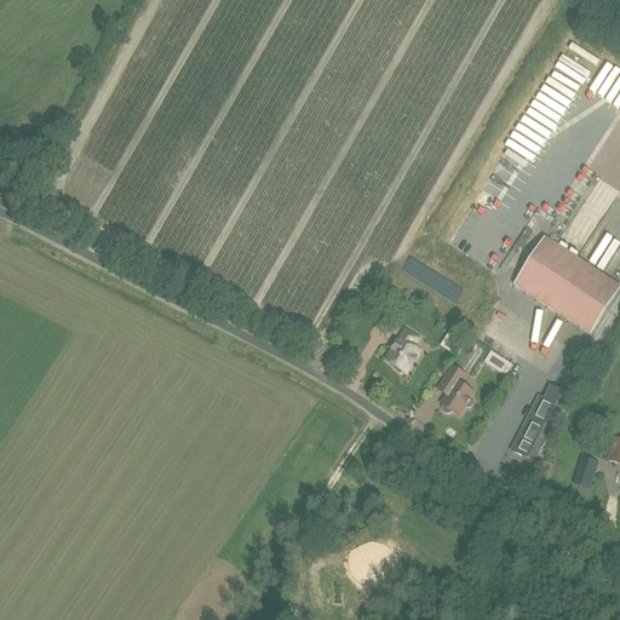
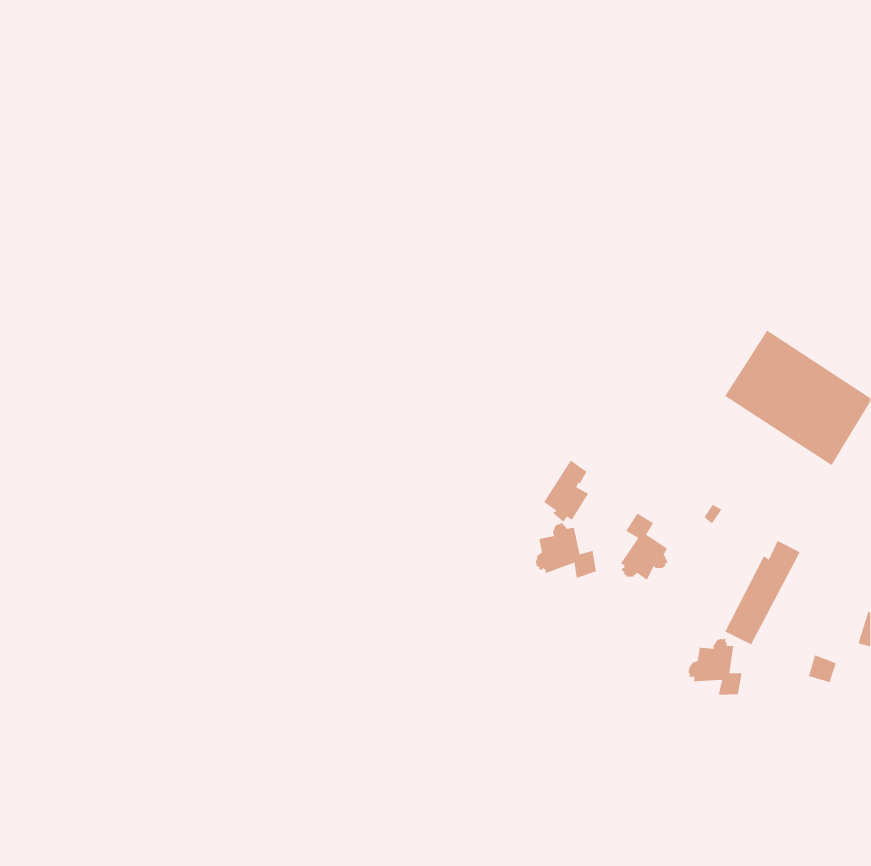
building: none -> [535,522,597,579]
building: none -> [687,637,743,696]

